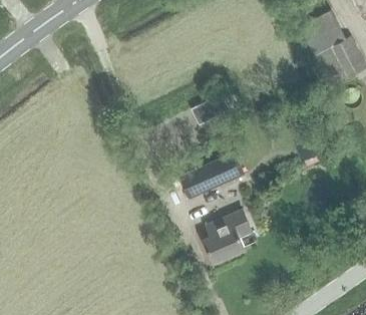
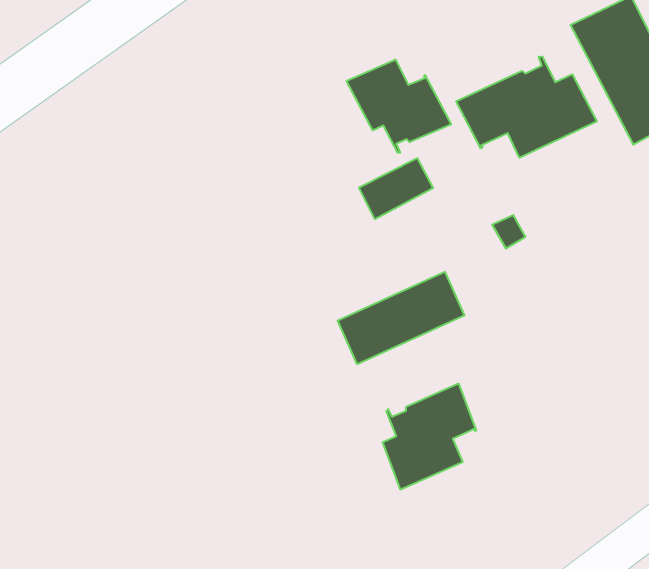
building: none -> [456,56,597,158]
building: none -> [347,59,451,153]

